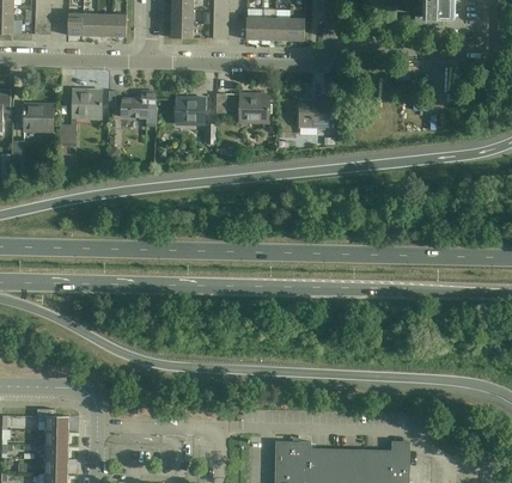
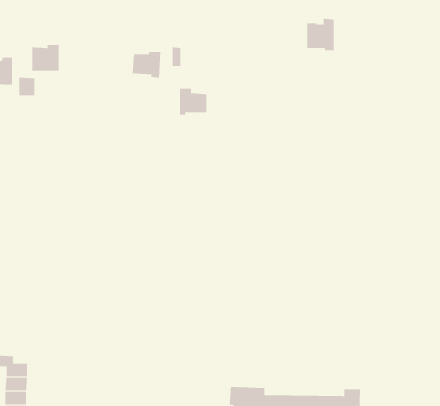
building: [121,92,156,123] -> none
building: [239,94,268,123] -> [179,88,207,116]
building: [299,96,328,129] -> [307,18,335,51]

